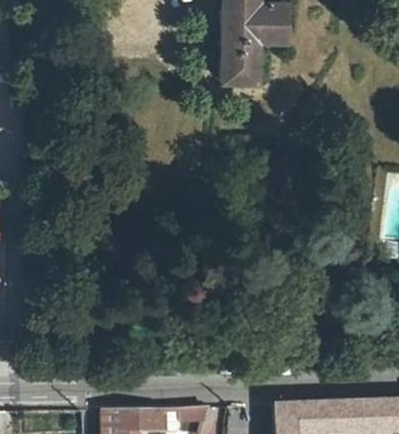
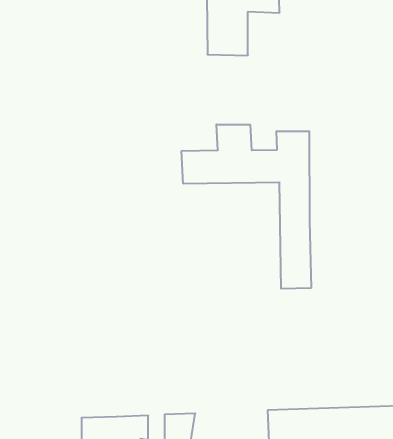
building: none -> [182,124,311,289]

